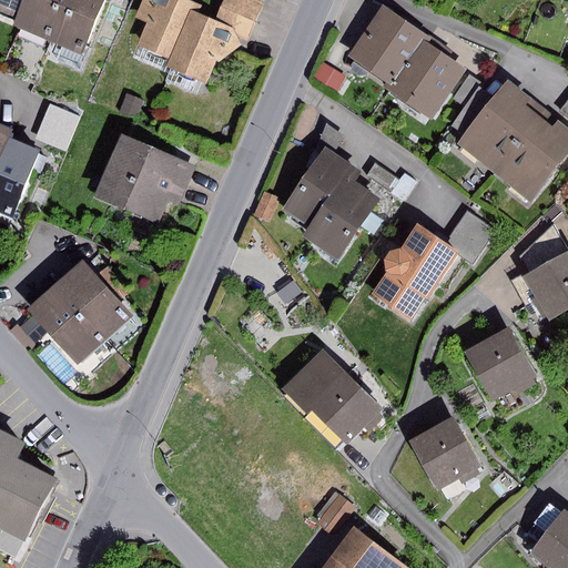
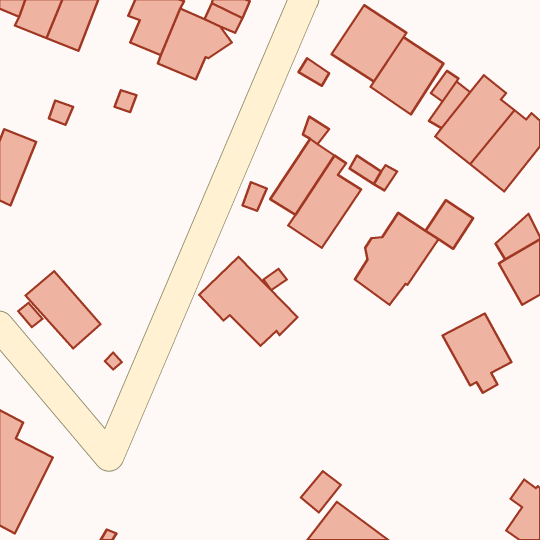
building: [93,134,194,222] -> none
building: [57,261,132,339] -> none
building: [281,349,384,443] -> [199,257,298,346]
building: [409,418,480,490] -> none

